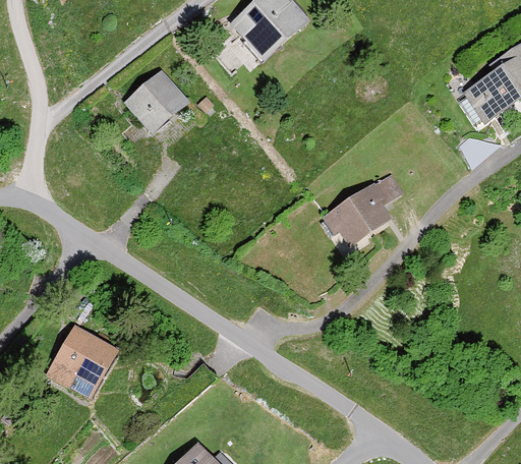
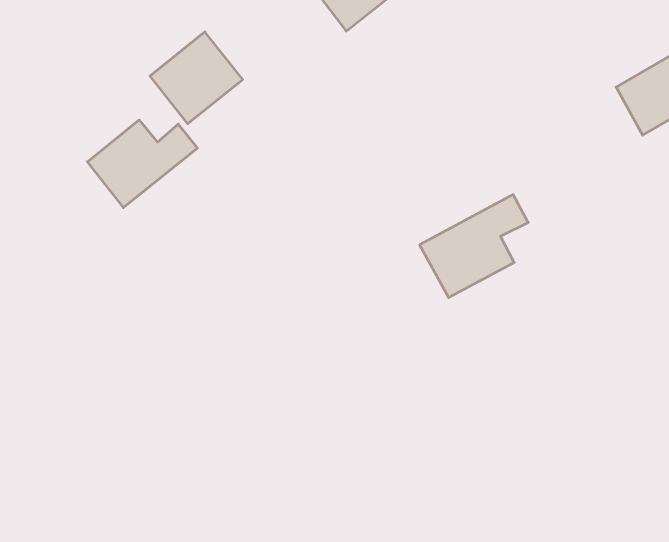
building: none -> [87,120,197,208]
building: [46,325,119,398] -> none

